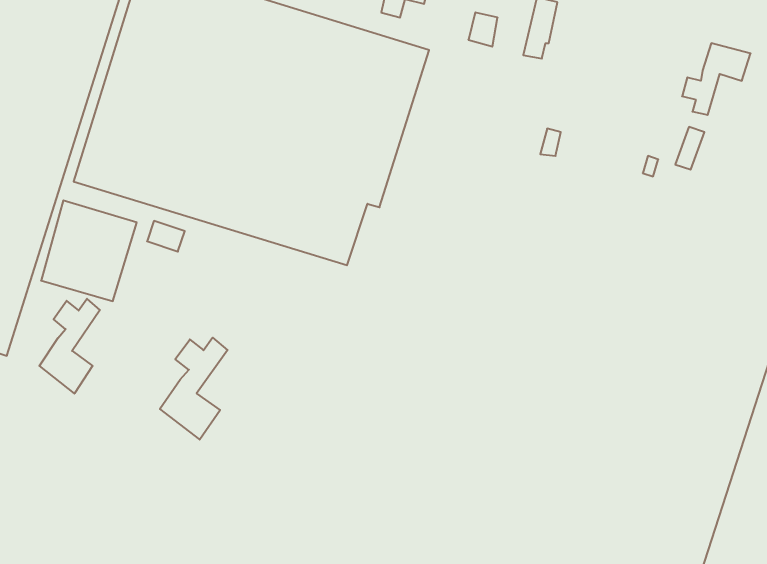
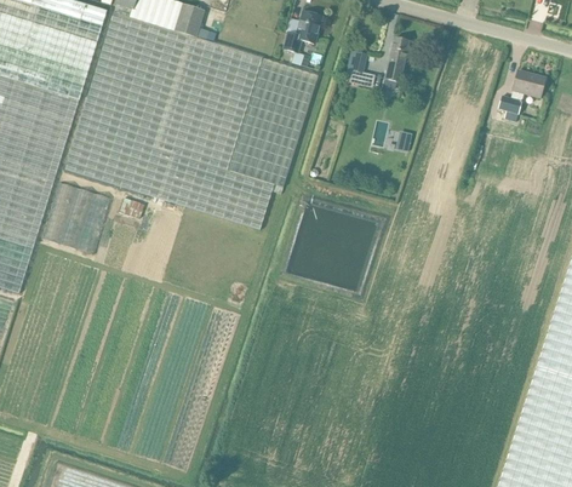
building: [39,299,100,394] -> none
building: [160,338,228,440] -> none

